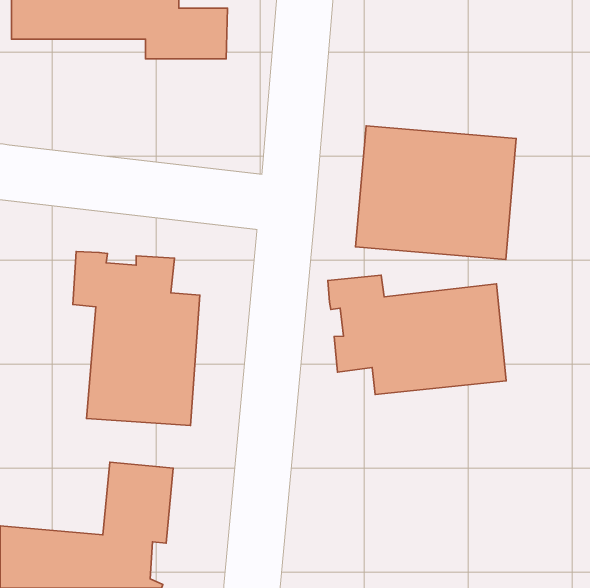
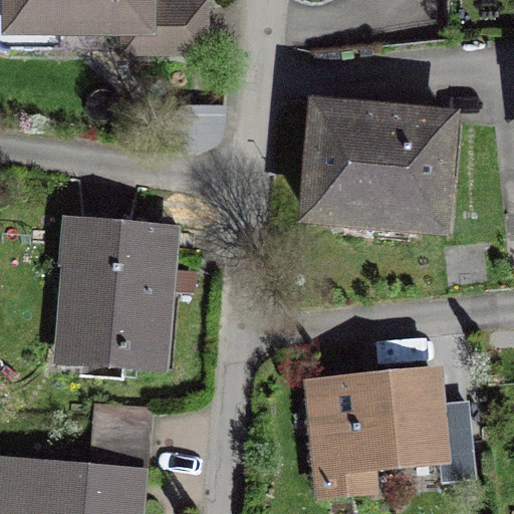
building: [328,275,506,394] -> none
building: none -> [313,375,442,492]

